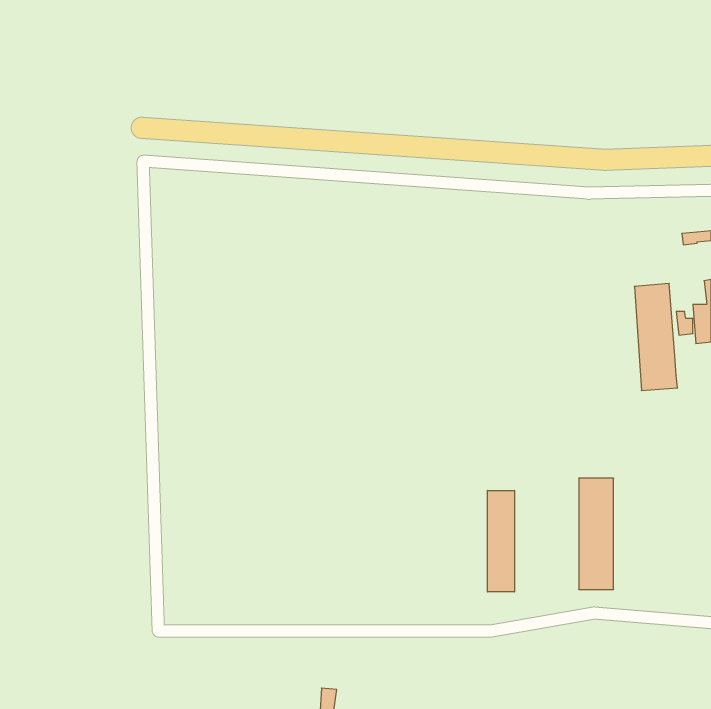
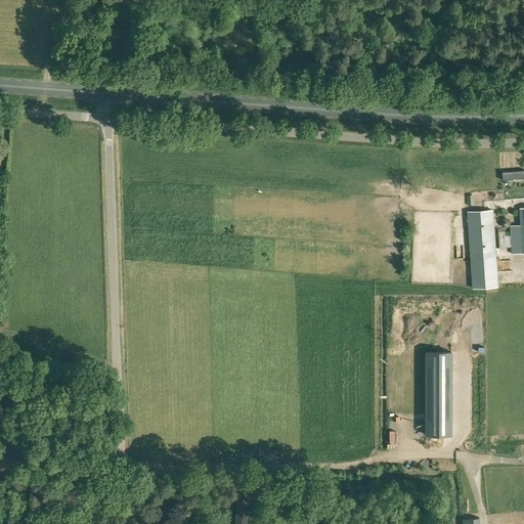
building: [487,490,514,592] -> none

